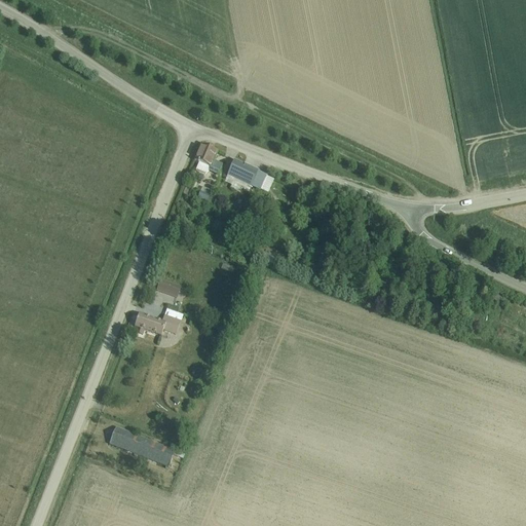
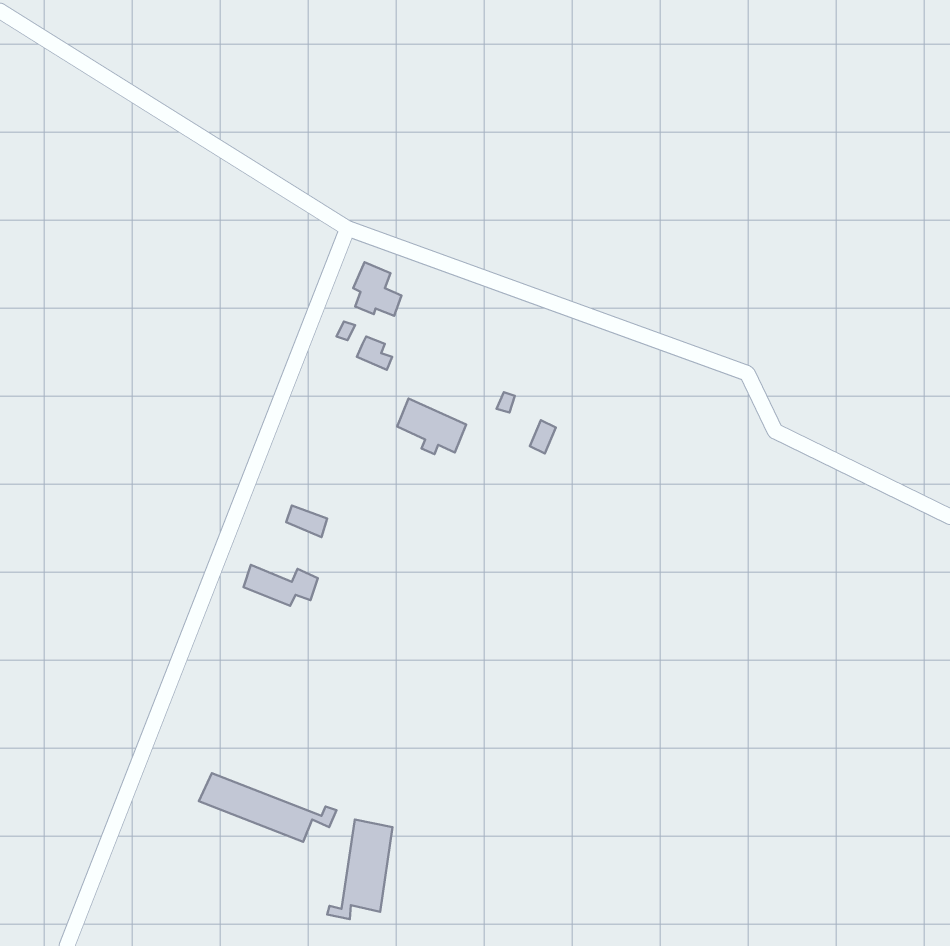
building: [227,159,265,190] -> [397,398,466,454]
building: none -> [327,820,392,919]

